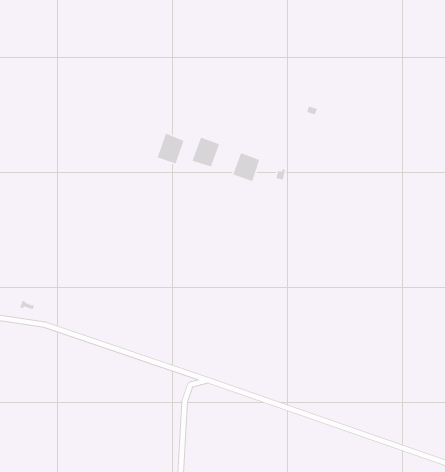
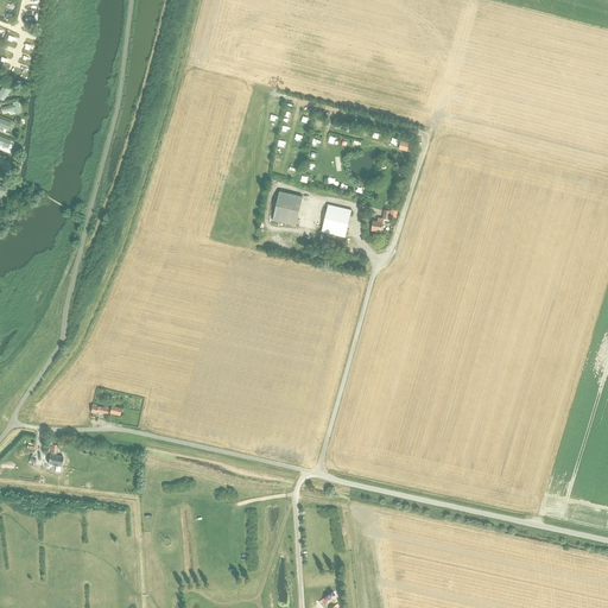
building: [156,133,185,165] -> none

